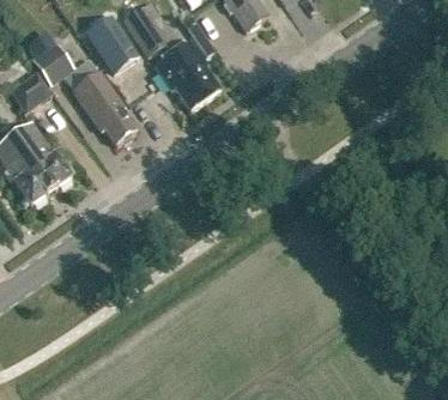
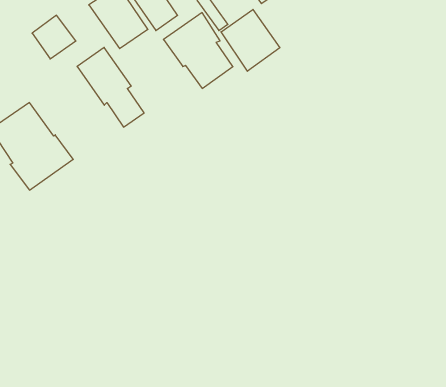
building: none -> [221,9,280,71]
building: [11,72,52,111] -> none

